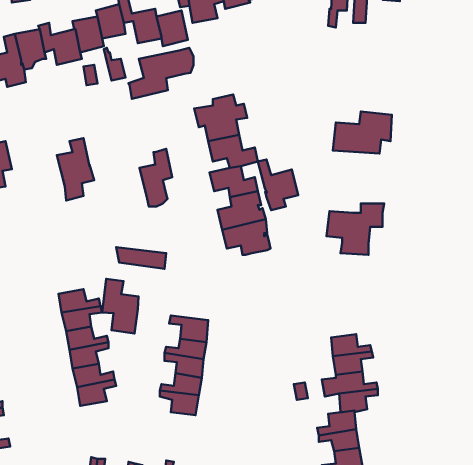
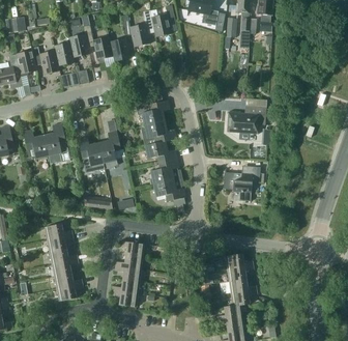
building: [128,48,194,99] -> none
building: none -> [23,130,49,158]
building: [258,160,298,210] -> none
building: none -> [78,137,104,165]
building: [102,279,138,334] -> none

